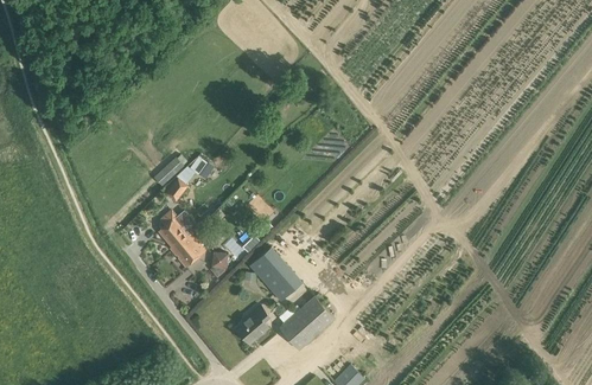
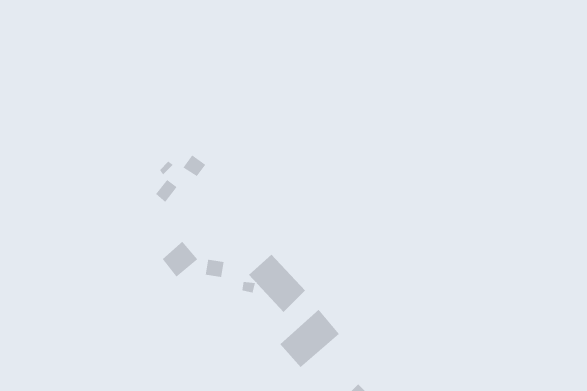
building: [159,211,191,251] -> none
building: [236,306,268,344] -> none

